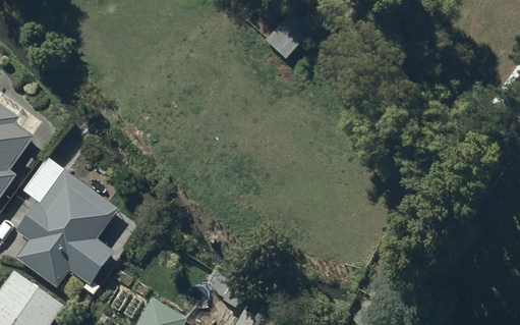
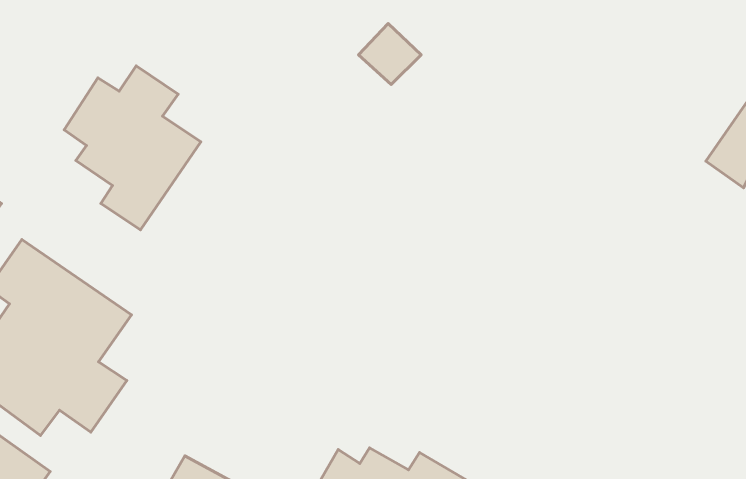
building: none -> [64,66,201,230]

